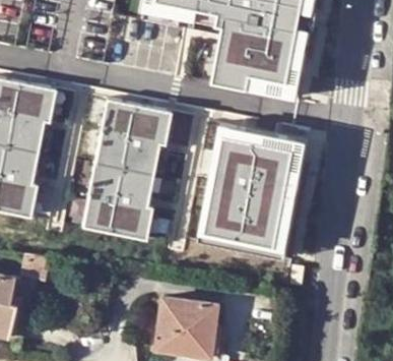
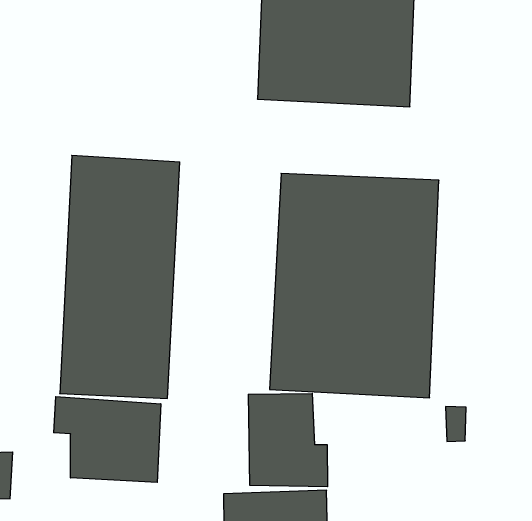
building: none -> [54,397,161,482]
building: none -> [248,393,327,487]

